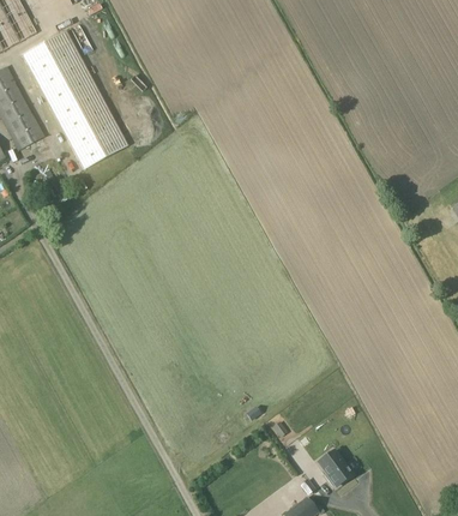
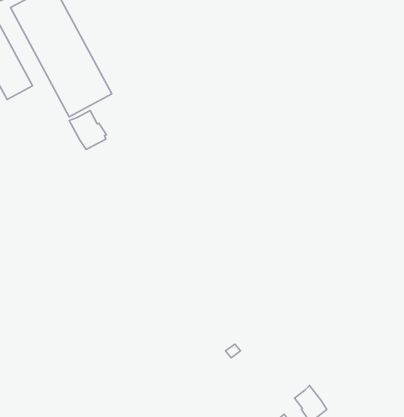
building: none -> [69,111,106,150]

